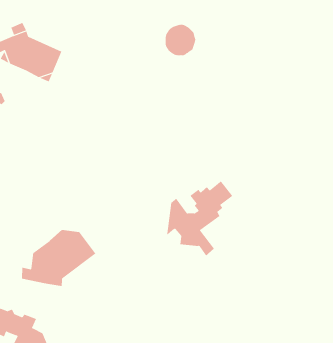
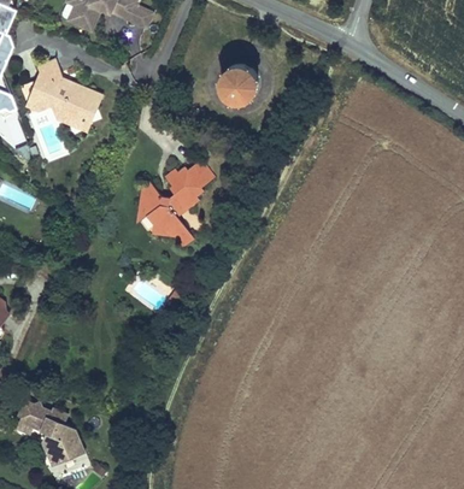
building: [166,181,233,256] -> [135,159,215,249]
building: [21,229,96,287] -> none

